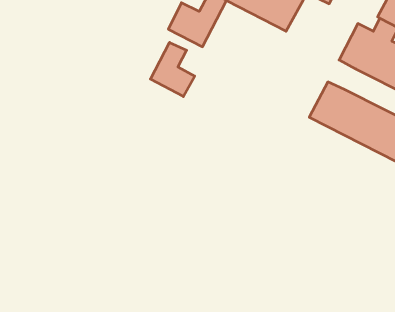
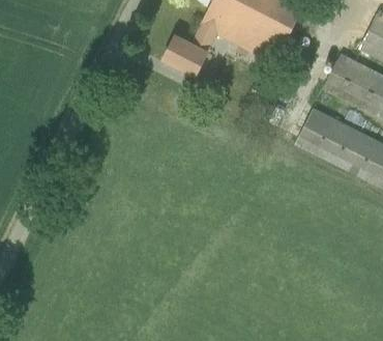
building: [150,42,195,97] -> none

